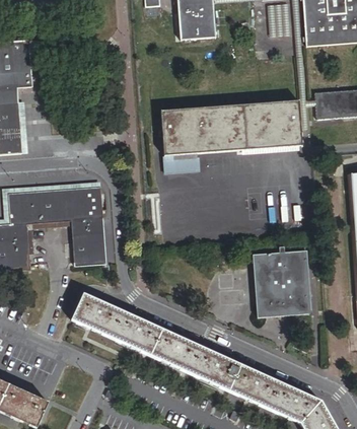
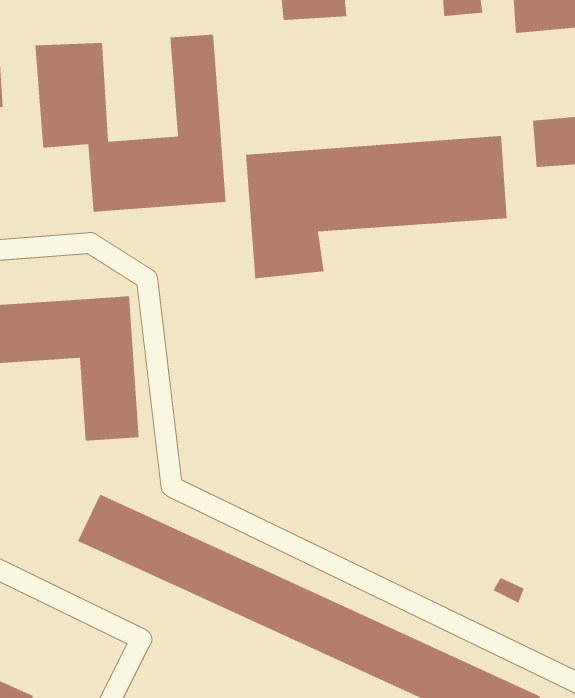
building: none -> [35,34,226,212]
building: [254,249,312,317] -> none

